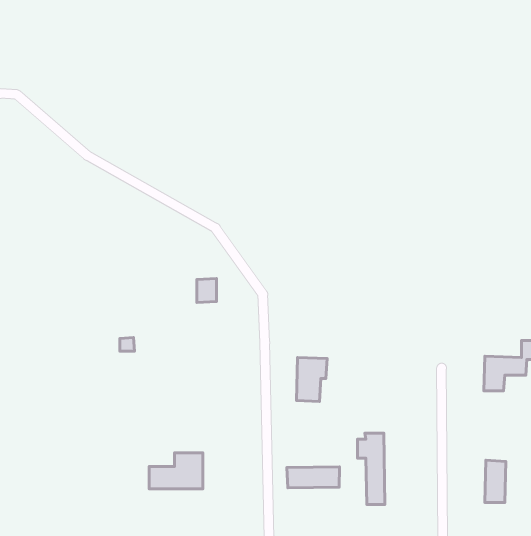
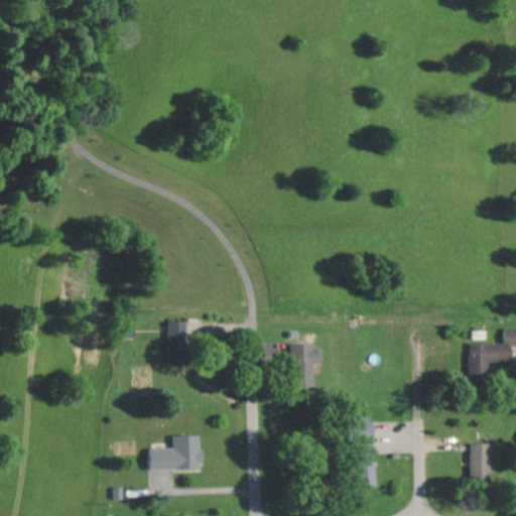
building: [197,278,217,303] -> [168,320,187,344]
building: [287,467,339,488] -> none

